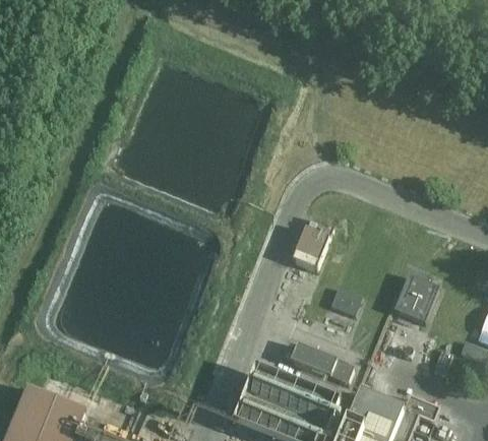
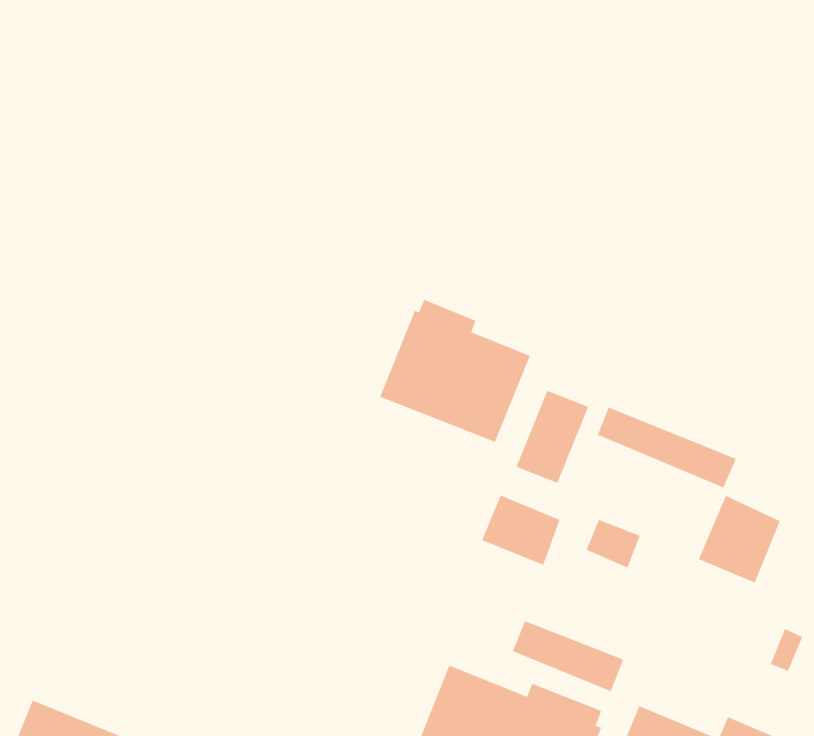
building: none -> [379,299,531,443]
building: none -> [597,407,737,488]
building: none -> [481,494,561,566]

